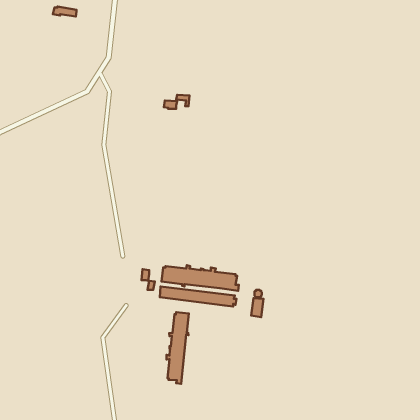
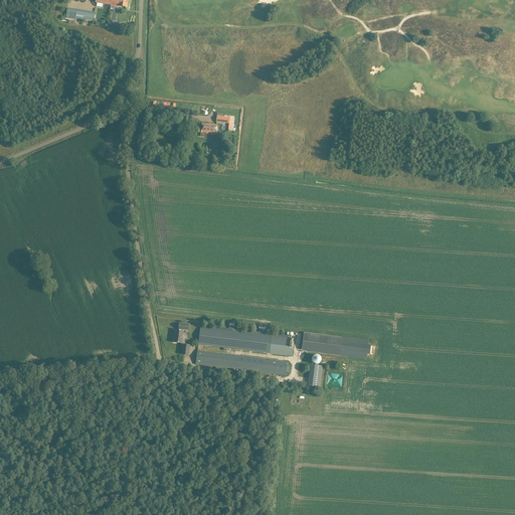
building: none -> [300,331,372,358]
building: [166,312,189,384] -> none

